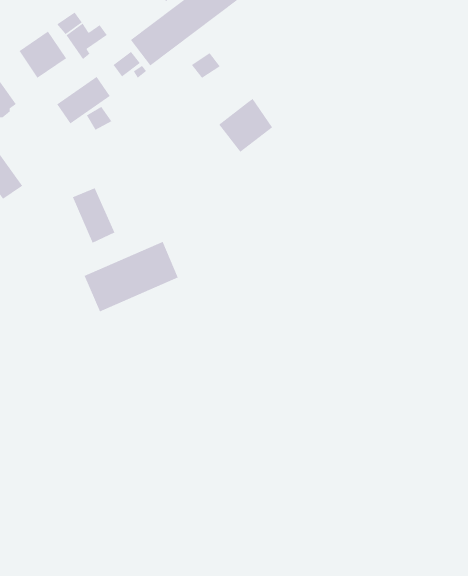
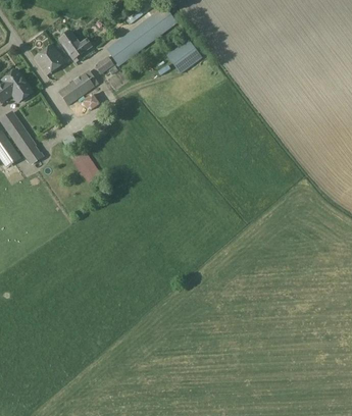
building: [218,98,273,153] -> [166,38,202,73]
building: [84,241,179,312] -> none

